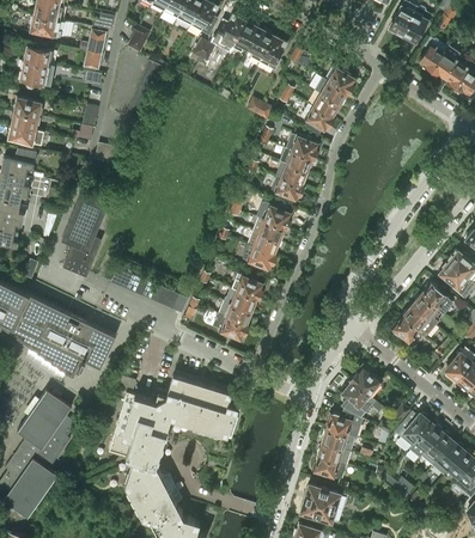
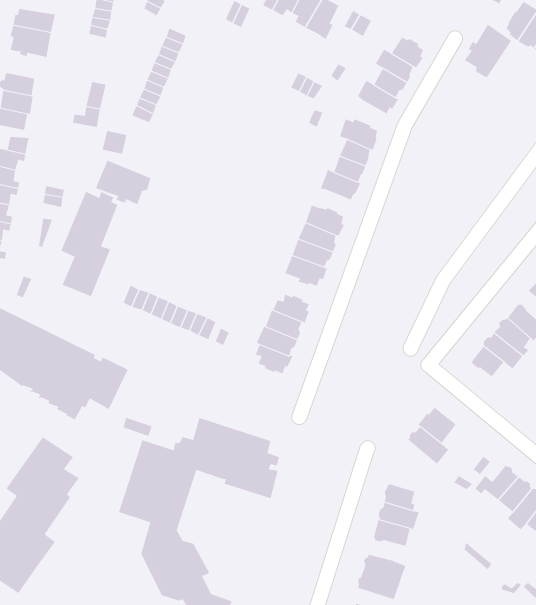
building: none -> [464,24,512,78]
building: none -> [95,160,151,205]
building: [327,409,363,439] -> none

